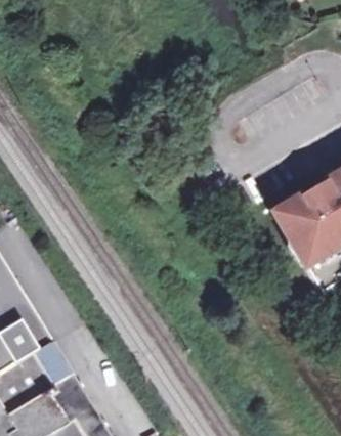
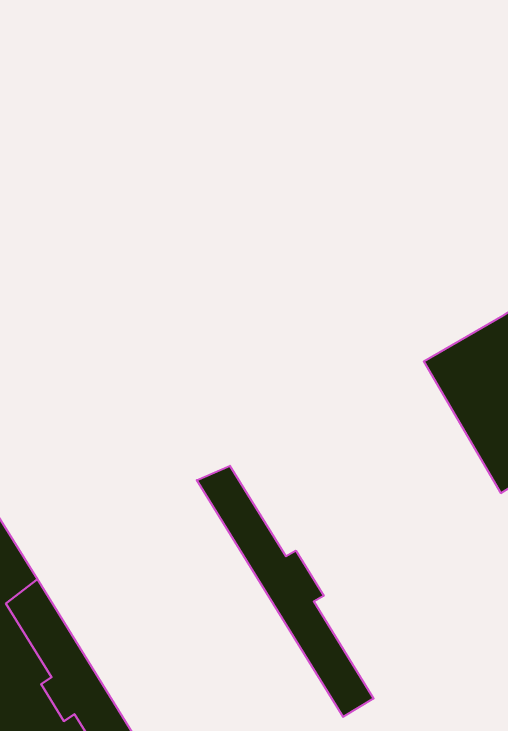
building: none -> [197,466,374,717]

